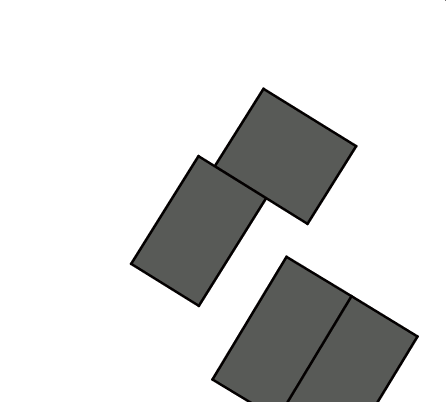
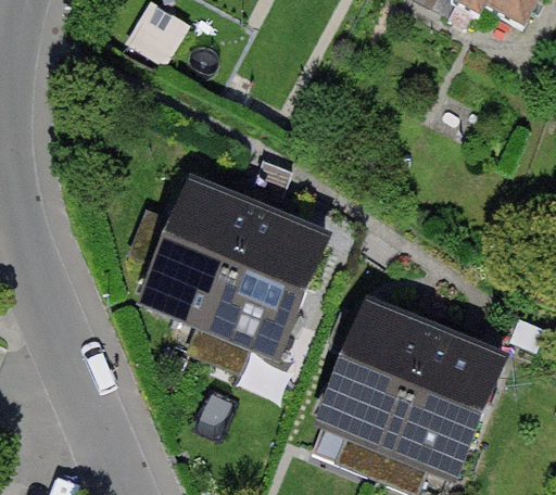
building: [215,89,356,224] -> none
building: none -> [135,179,257,329]

